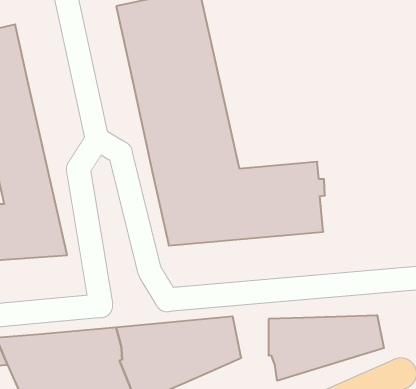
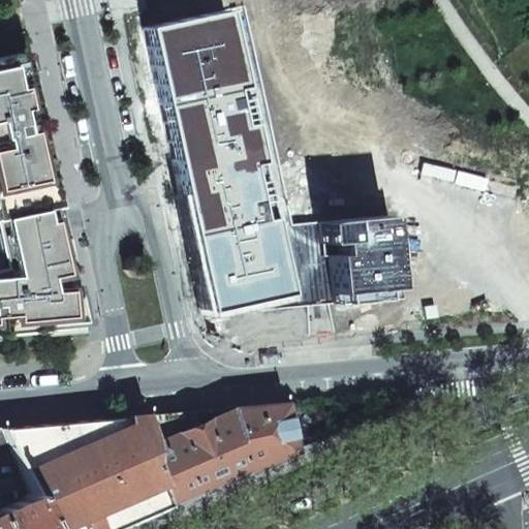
building: [269,315,384,381] -> none

